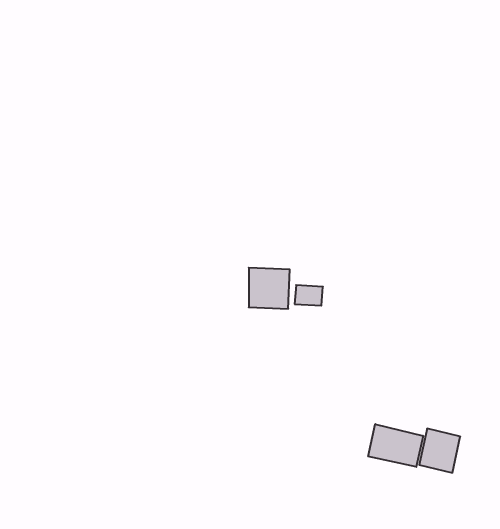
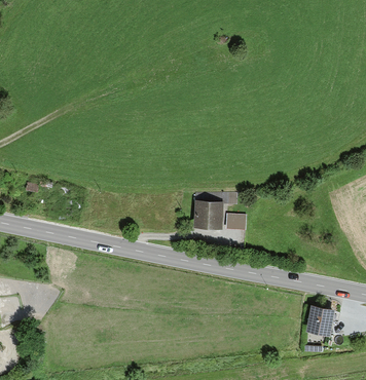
building: [368,424,423,467] -> none

